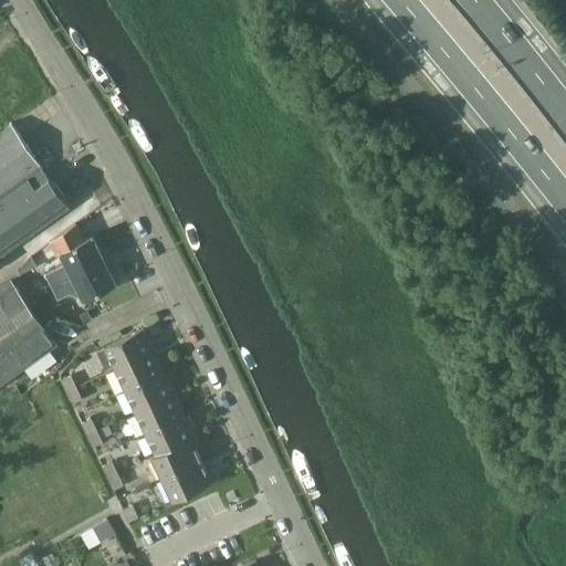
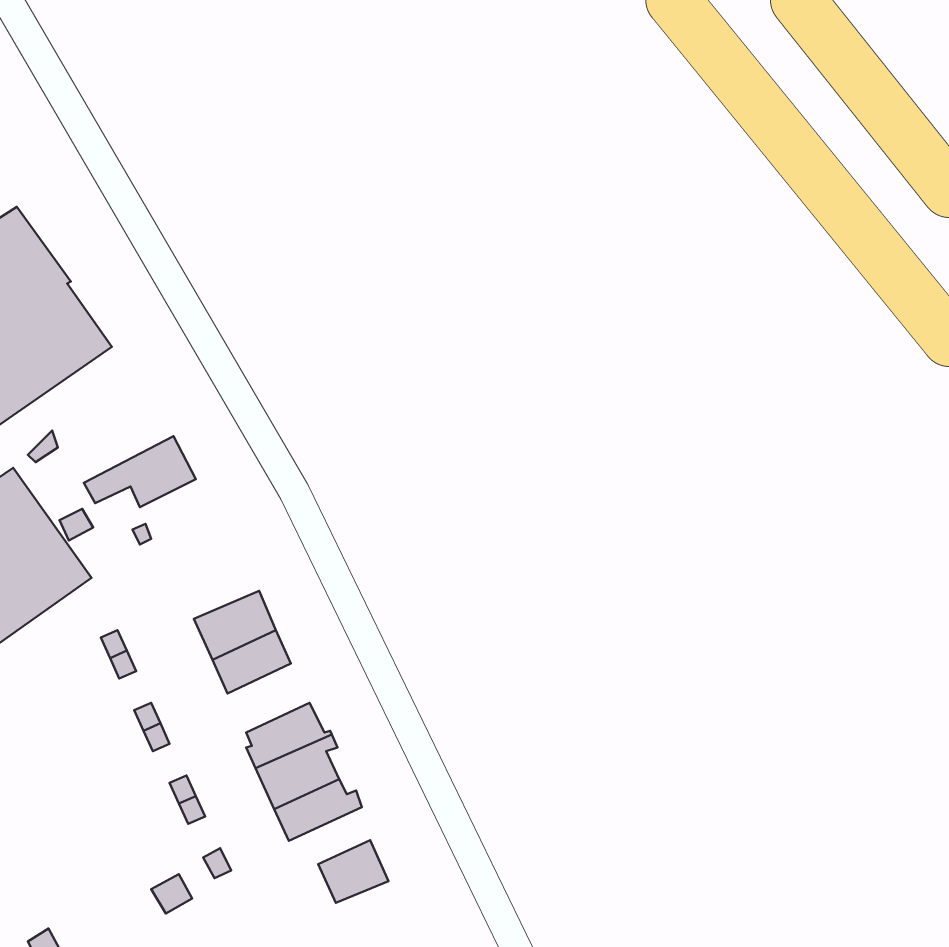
building: [43,224,103,290] -> none
building: [105,331,154,370] -> none
building: [135,397,184,438] -> none
building: none -> [318,840,388,903]

